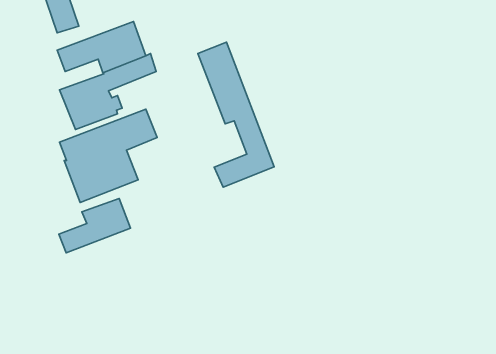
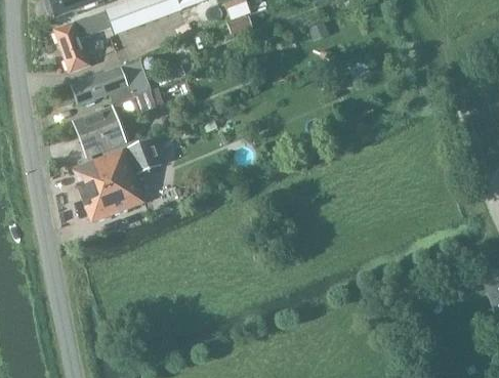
building: [198,42,274,187] -> none
building: [59,199,131,253] -> none

